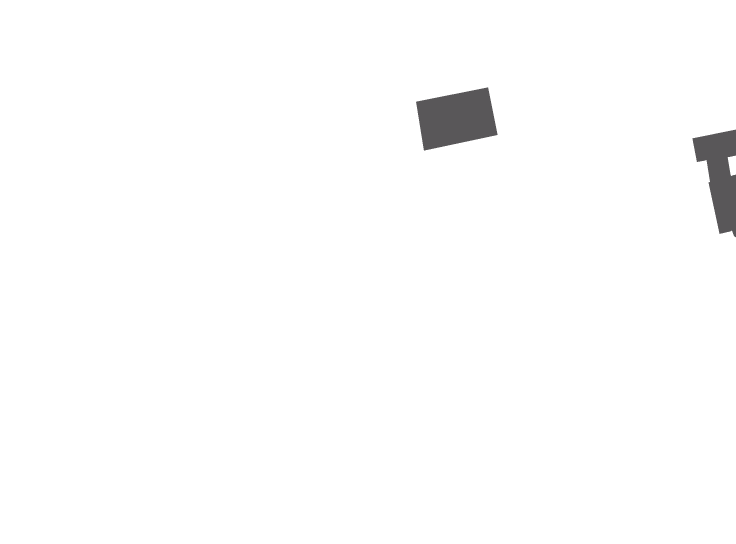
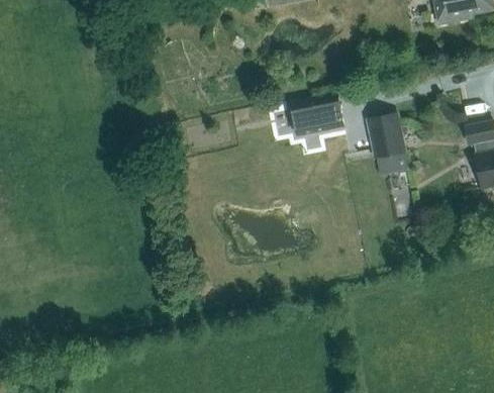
building: none -> [368,113,406,176]

